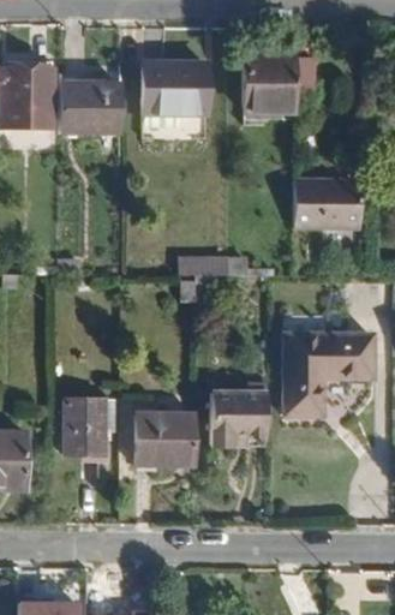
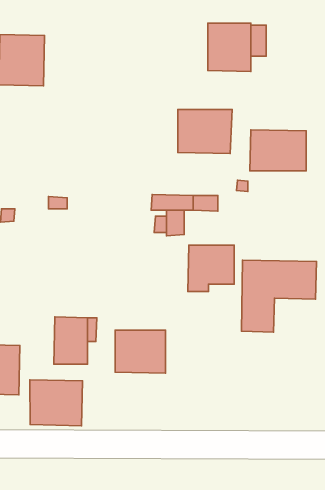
building: [143,62,207,114] -> [178,109,232,154]
building: [60,82,120,133] -> none
building: [213,392,267,446] -> [188,245,234,291]
building: none -> [30,380,83,426]

